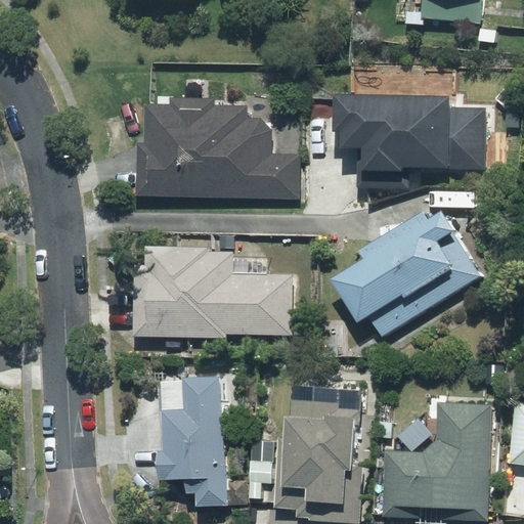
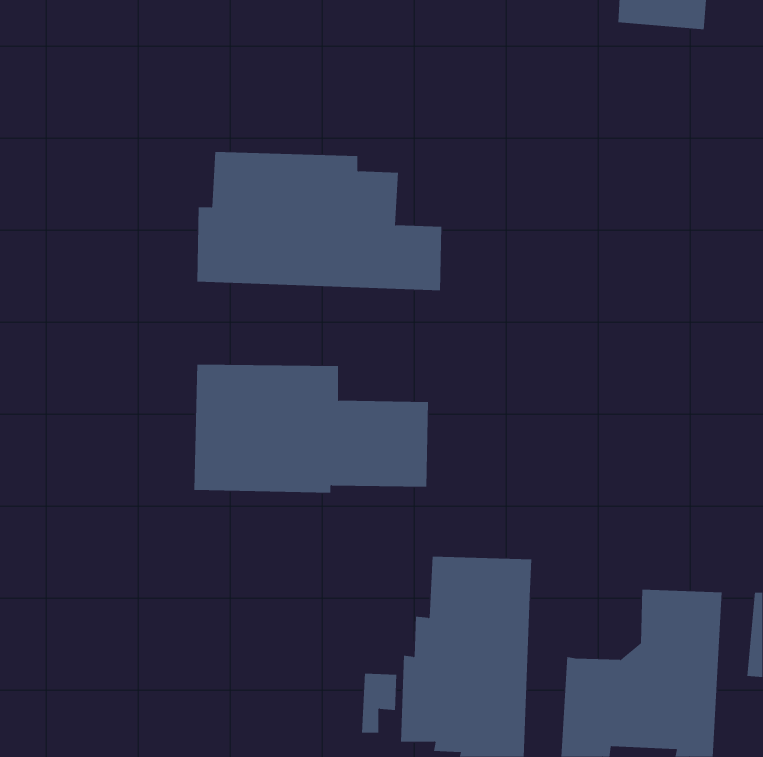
building: [334,99,483,189] -> none
building: [330,212,482,334] -> none
building: [159,380,227,505] -> none

